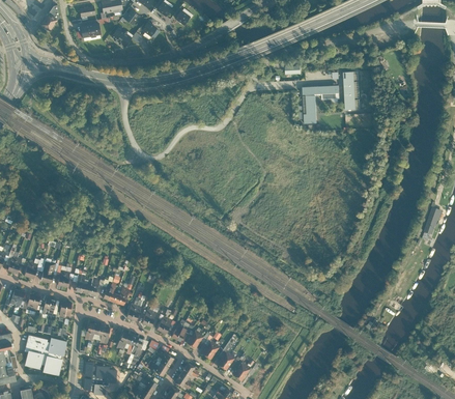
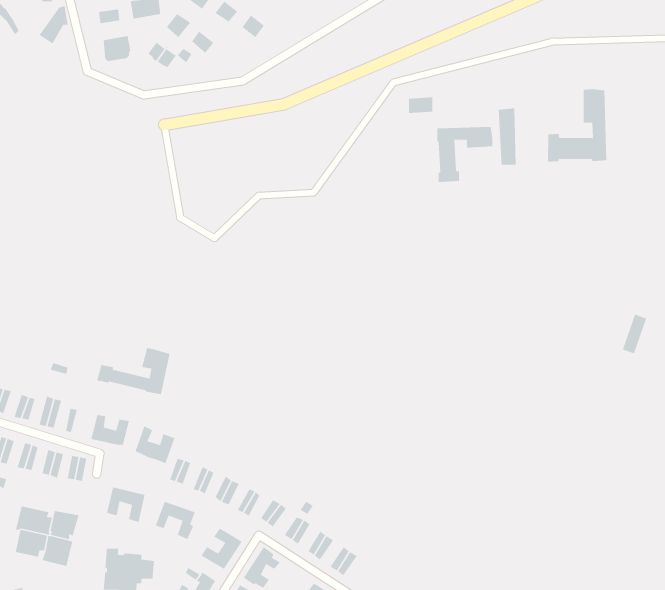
building: none -> [547,89,607,163]
building: none -> [96,347,171,395]

